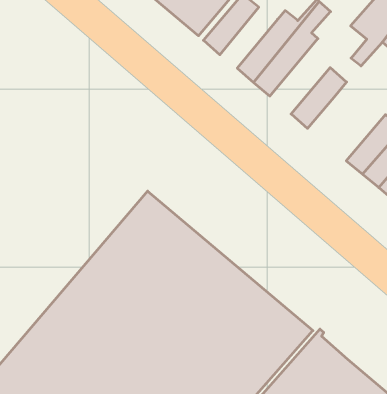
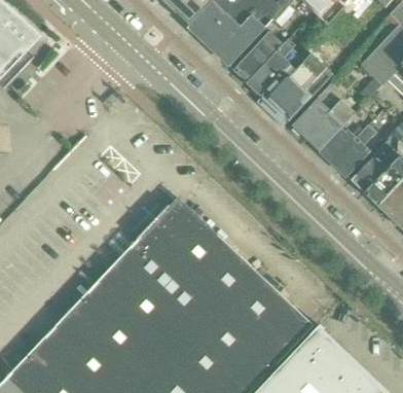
building: none -> [247,42,298,96]
building: none -> [292,83,344,138]
building: none -> [319,124,375,177]

